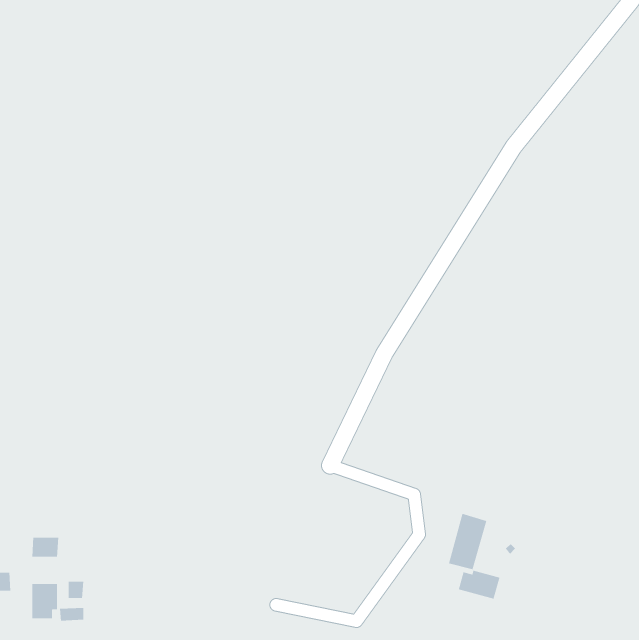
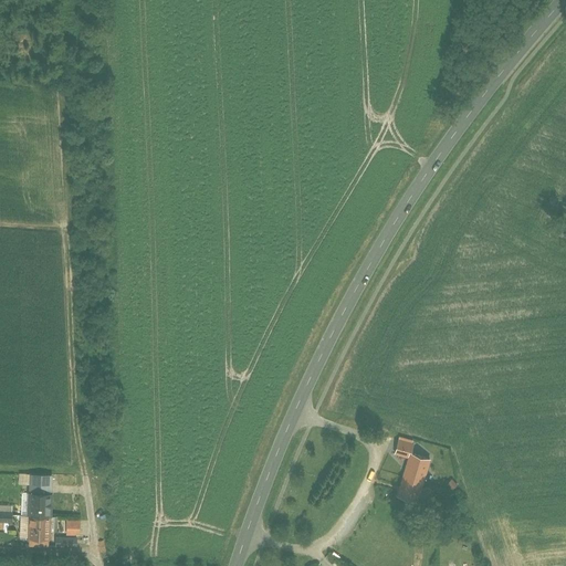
building: none -> [28,492,51,515]
building: [458,570,500,600] -> none

